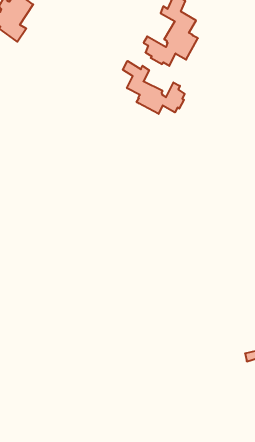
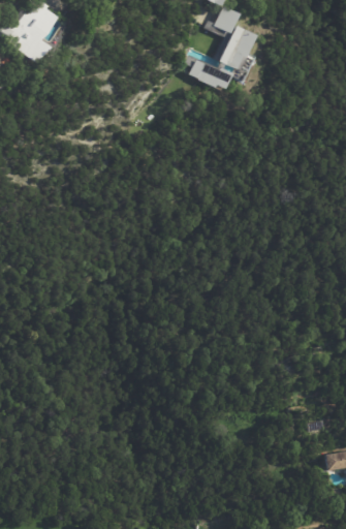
building: [123,61,185,114] -> none

